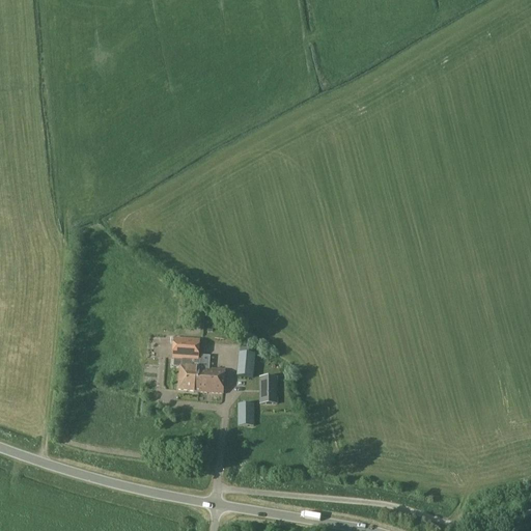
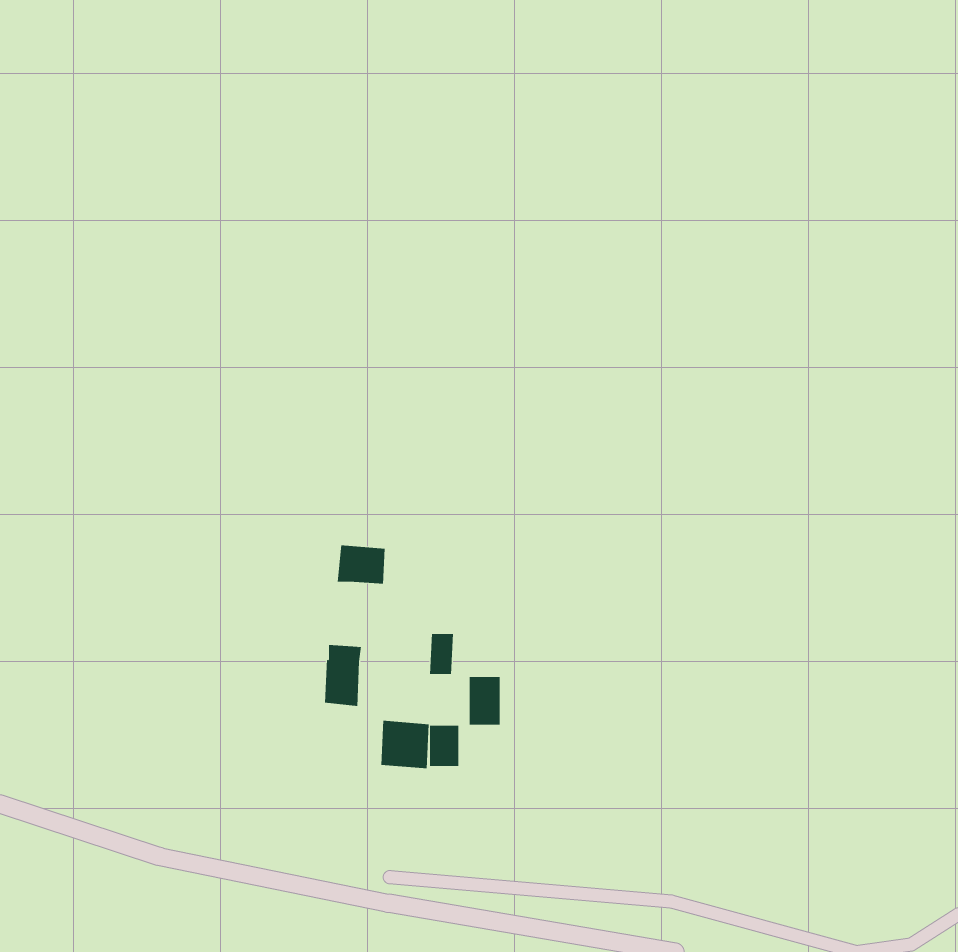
building: [172,336,199,358] -> [337,545,386,584]
building: [198,366,225,393] -> [381,720,429,769]

